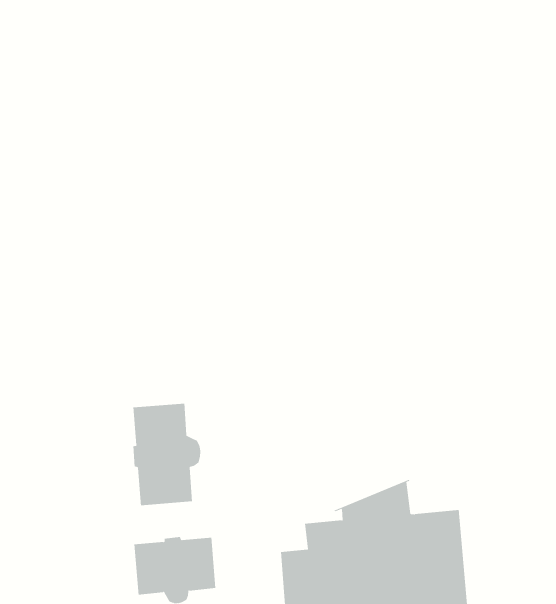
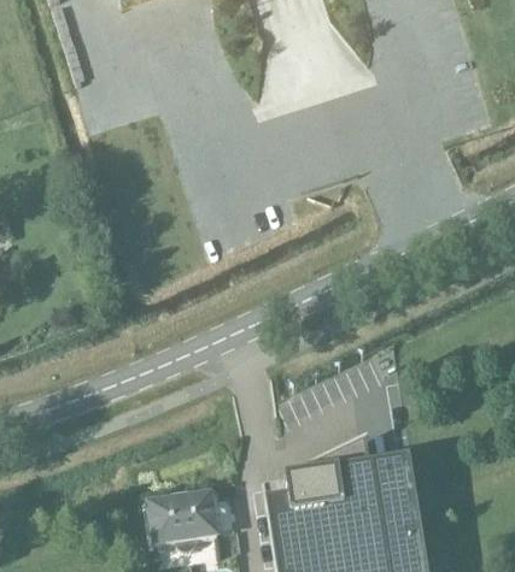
building: [133,403,201,506] -> none

